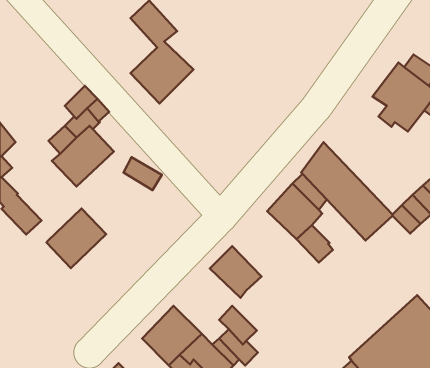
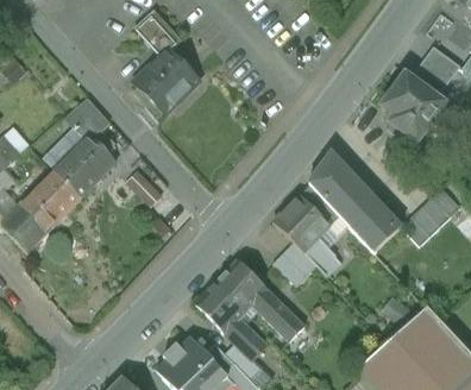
building: [46,209,106,268] -> [19,171,80,232]
building: none -> [272,243,316,287]
building: none -> [195,281,246,333]
building: none -> [252,289,301,339]

